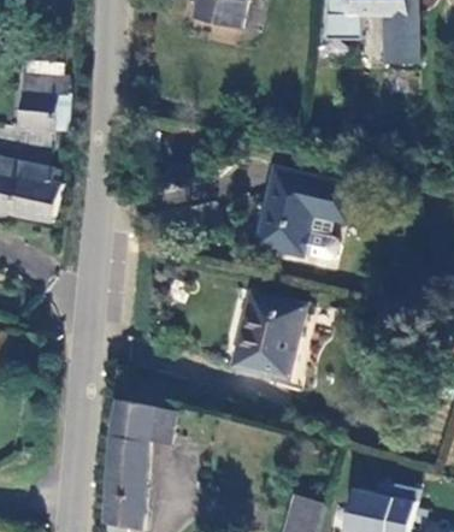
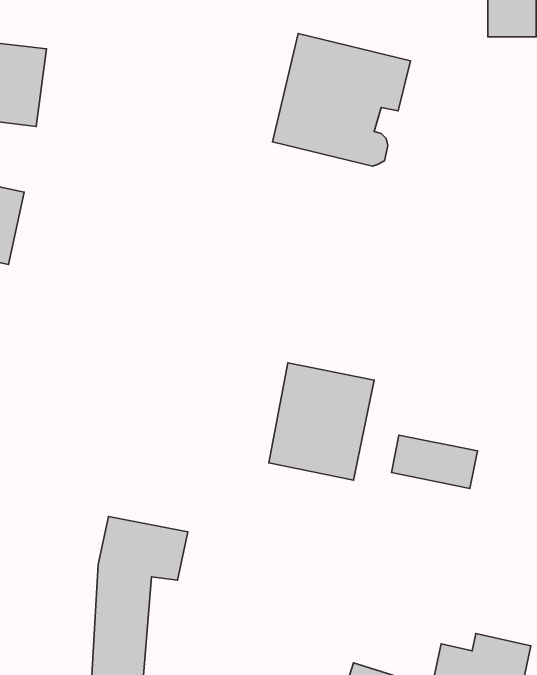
building: [255,166,352,259] -> [272,33,410,166]
building: none -> [391,435,477,488]

